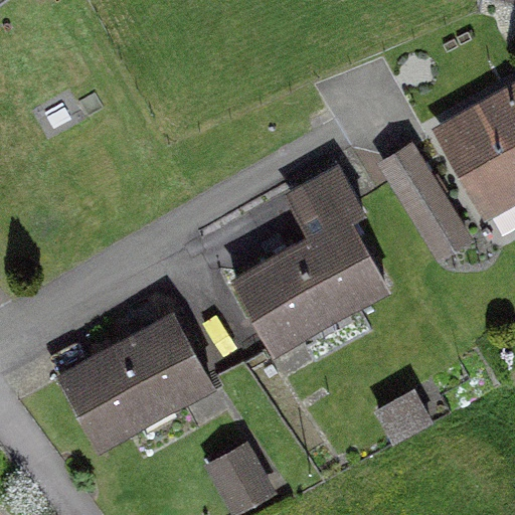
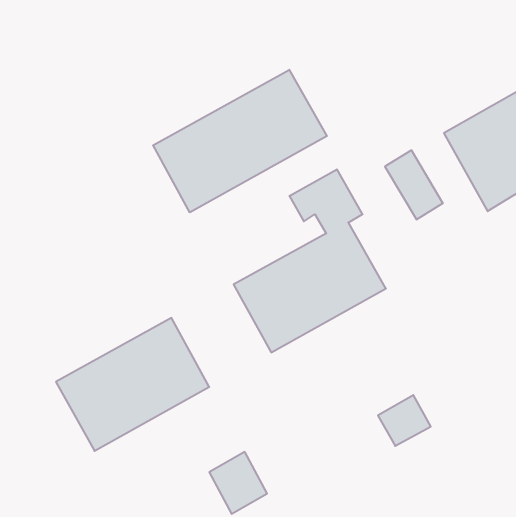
building: none -> [153,70,327,212]

